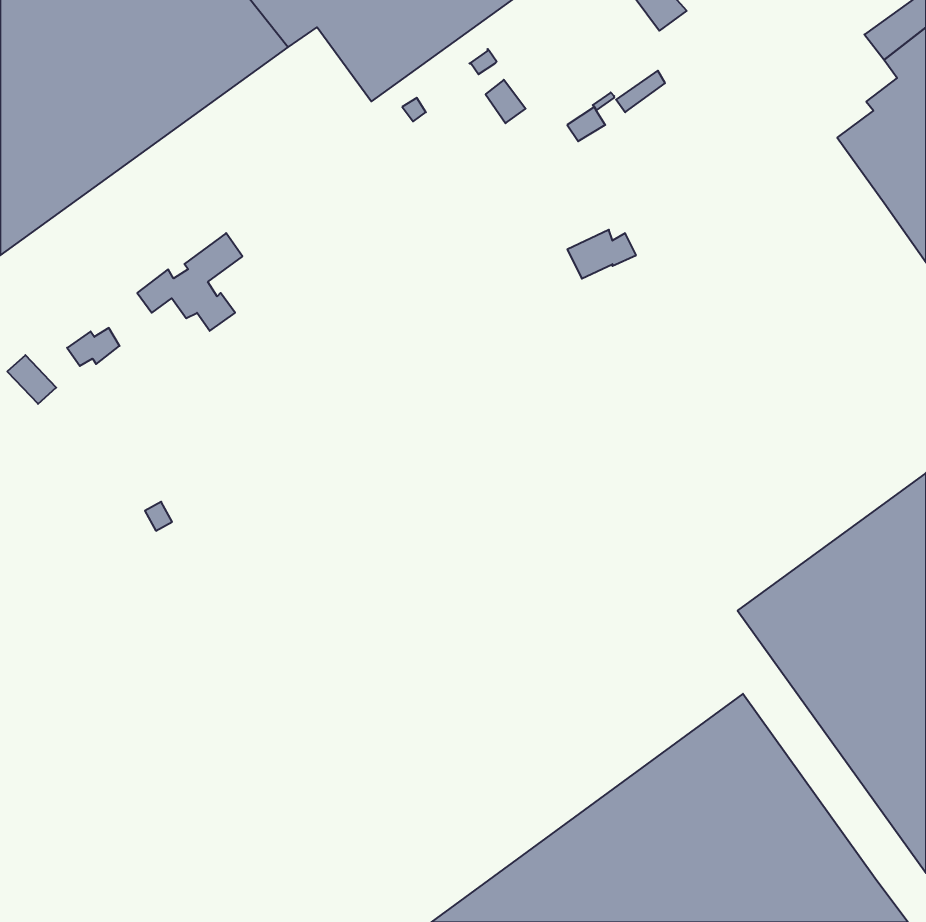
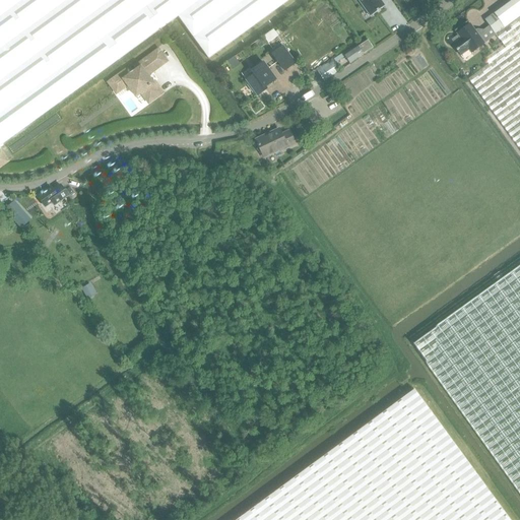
building: none -> [452,22,484,54]
building: none -> [246,61,275,93]
building: [567,230,636,279] -> [256,129,295,156]
building: [137,233,242,331] -> [108,47,167,102]

